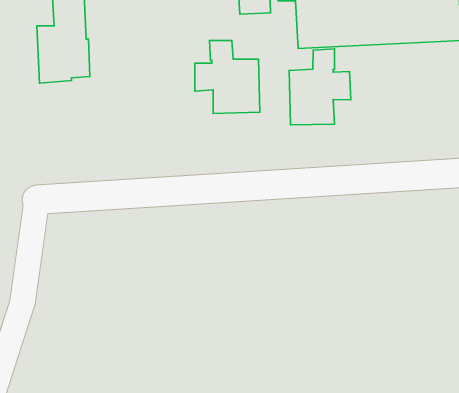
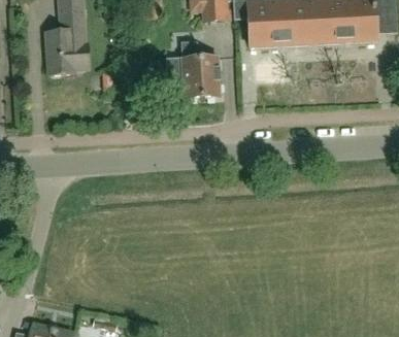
building: [289,49,351,125] -> none

